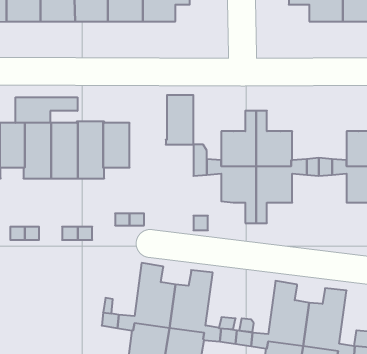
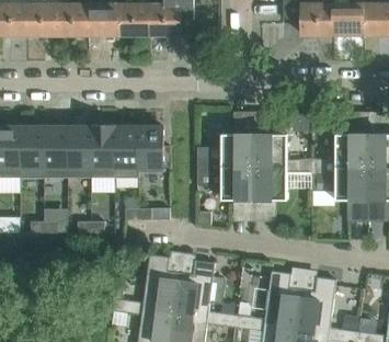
building: [166,95,193,145] -> [138,126,163,171]
building: [16,97,77,123] -> none

